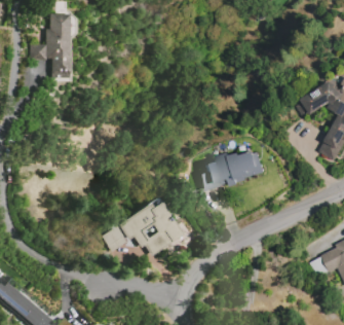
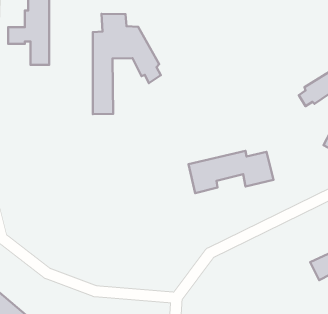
building: none -> [93,14,161,114]
building: [101,196,183,254] -> none

